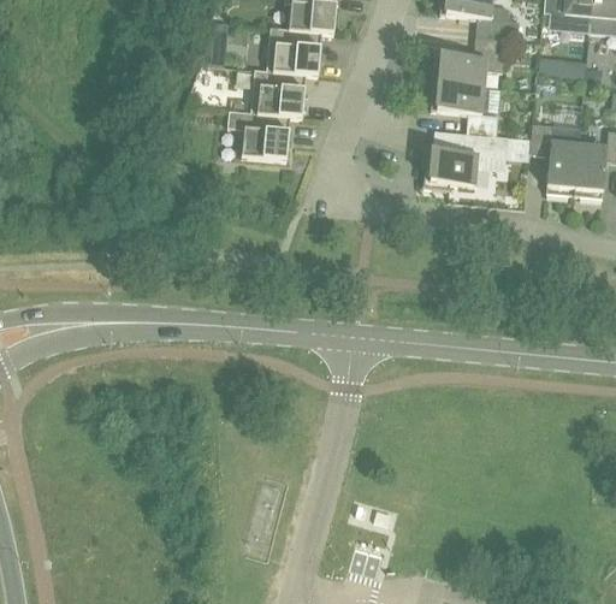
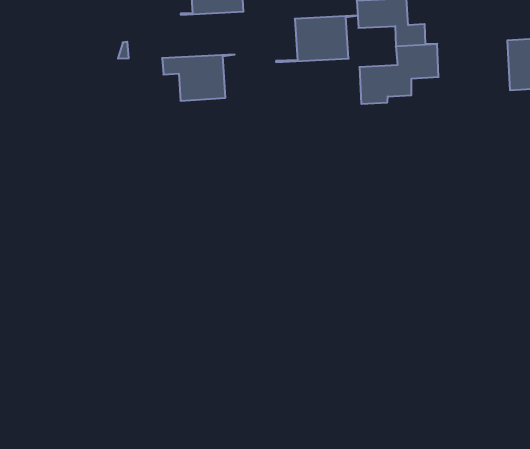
building: [230,69,319,117] -> [276,15,358,62]
building: [531,122,580,194] -> none

